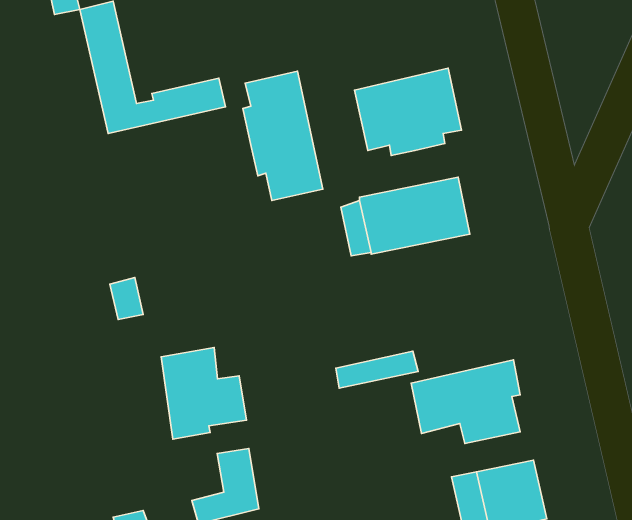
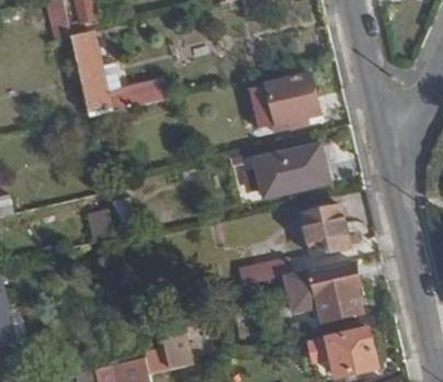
building: [243,71,323,201] -> none
building: none -> [303,206,350,255]
building: [161,347,247,439] -> none

